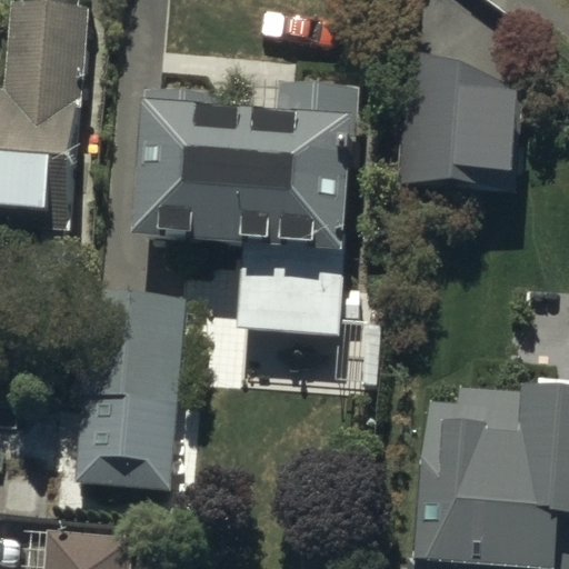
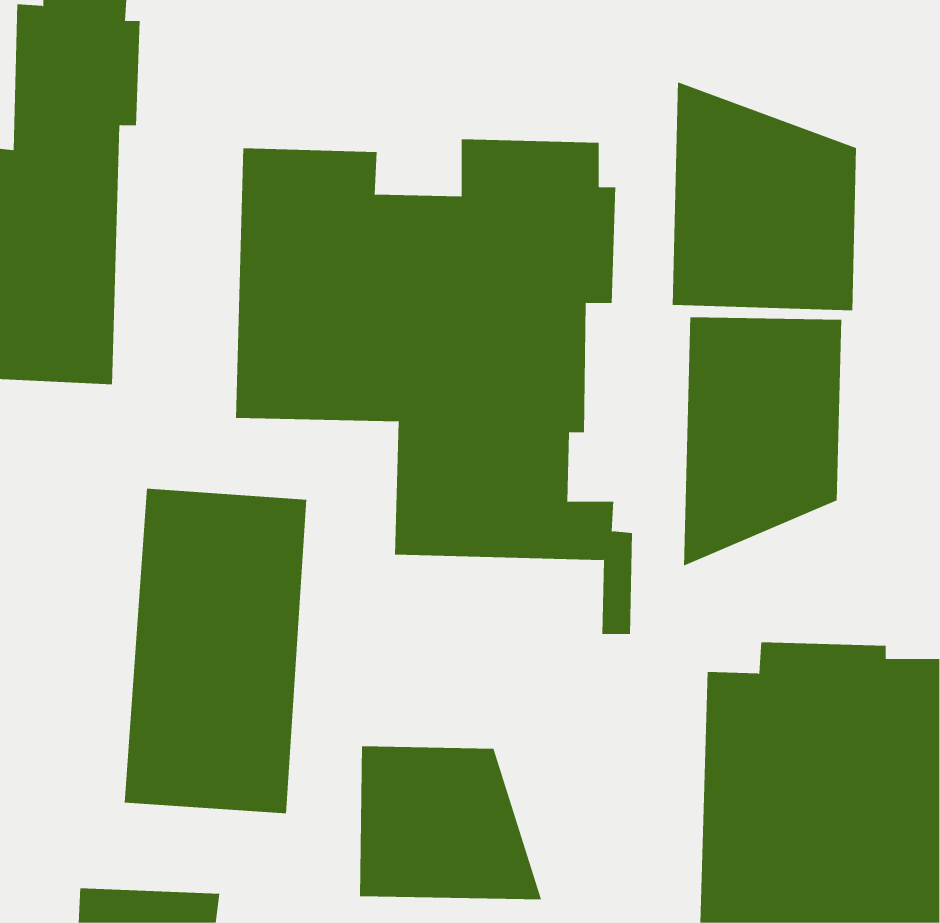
building: none -> [684,317,842,567]
building: none -> [360,745,542,900]

